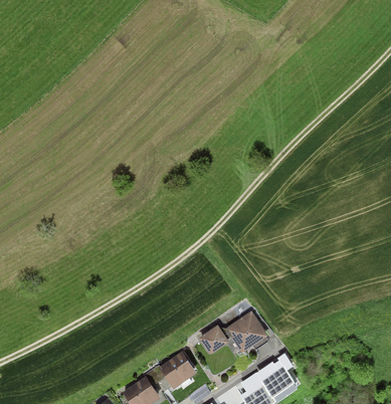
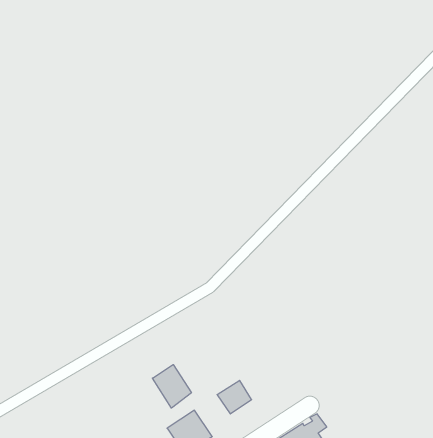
building: [226,313,266,352] -> none
building: none -> [152,365,191,408]

